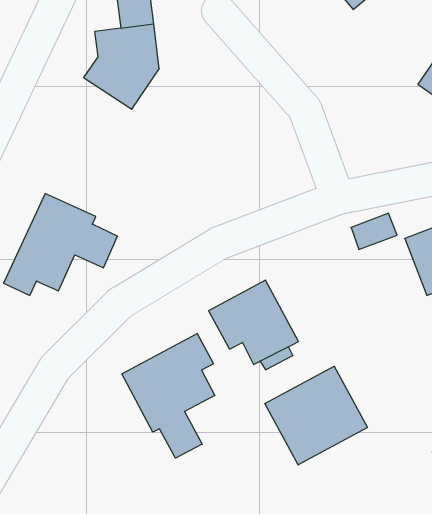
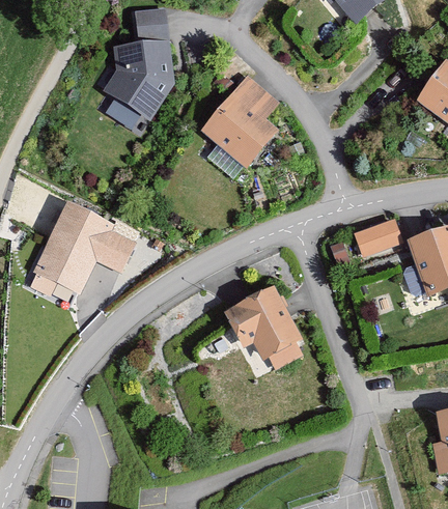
building: none -> [197,75,279,171]
building: [122,333,215,458] -> none
building: [265,366,367,465] -> none

